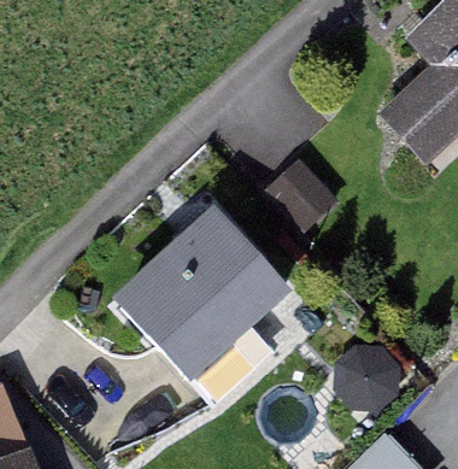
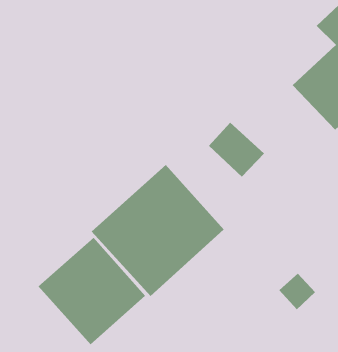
building: none -> [38,237,146,345]

